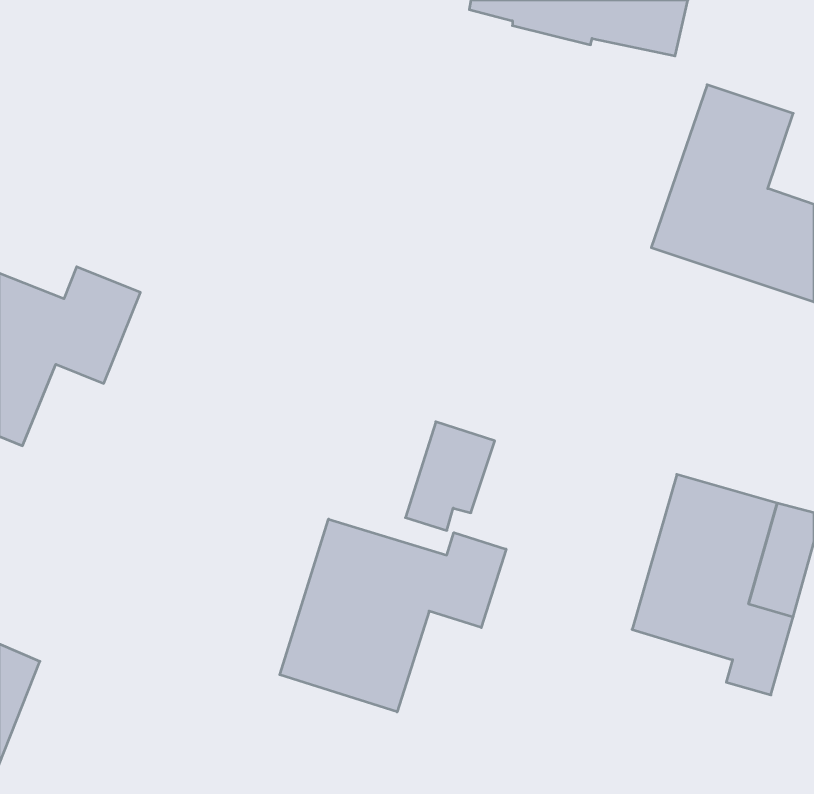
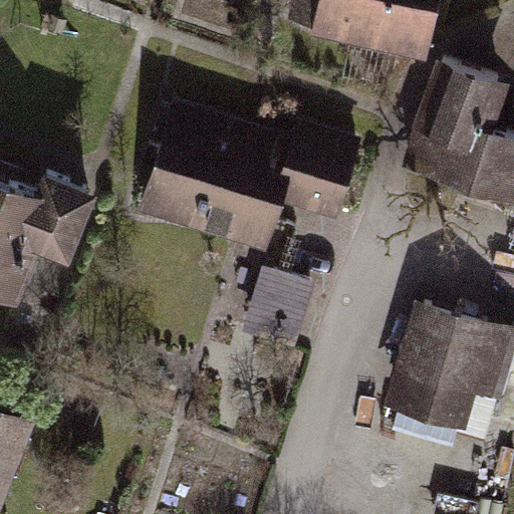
building: none -> [145,116,355,241]
building: [280,519,506,712] -> none

